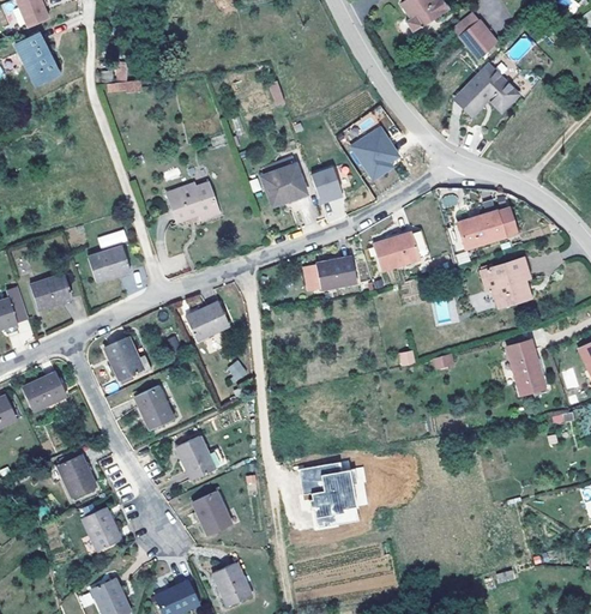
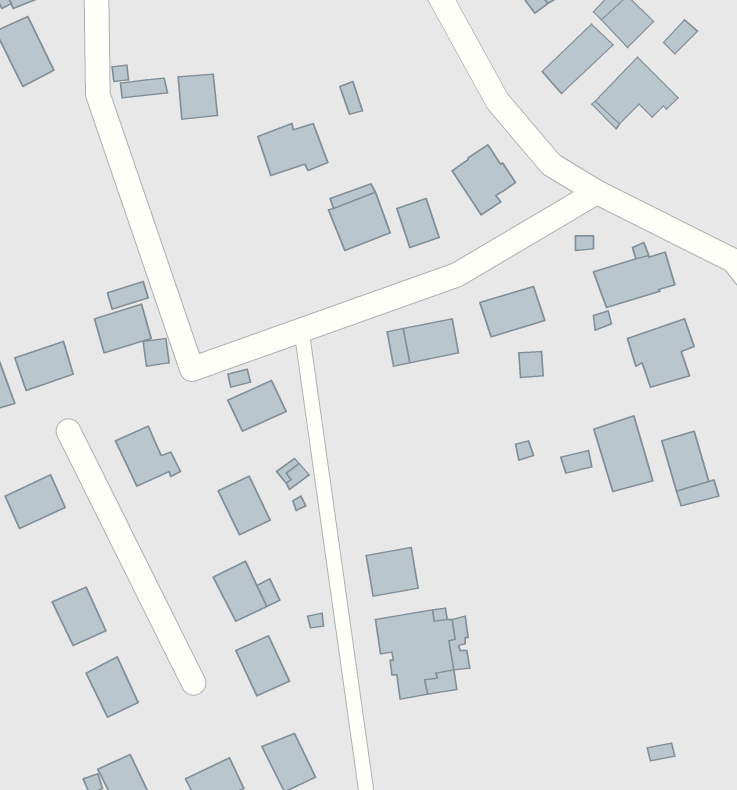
building: none -> [542,24,613,94]
building: none -> [178,74,218,119]
building: [167,183,218,222] -> [258,123,328,175]
building: none -> [594,416,653,492]
building: [134,386,173,429] -> [218,476,270,535]
building: none -> [366,548,418,596]

